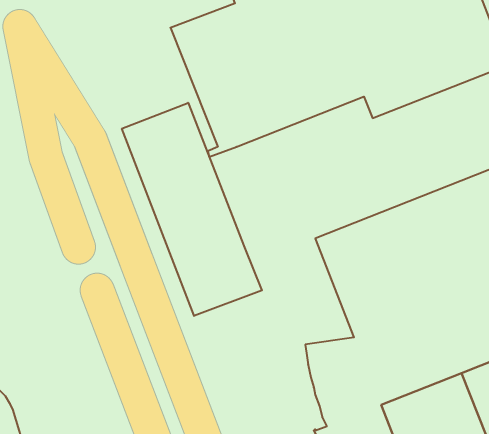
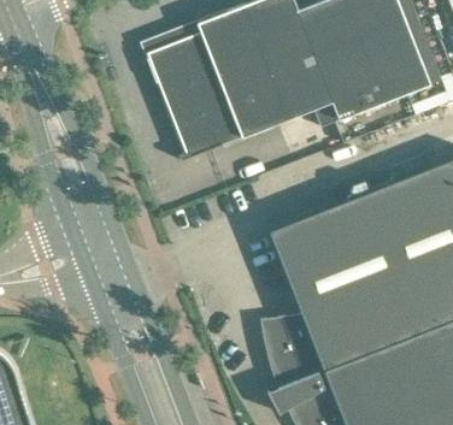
building: [122,103,262,316] -> none

